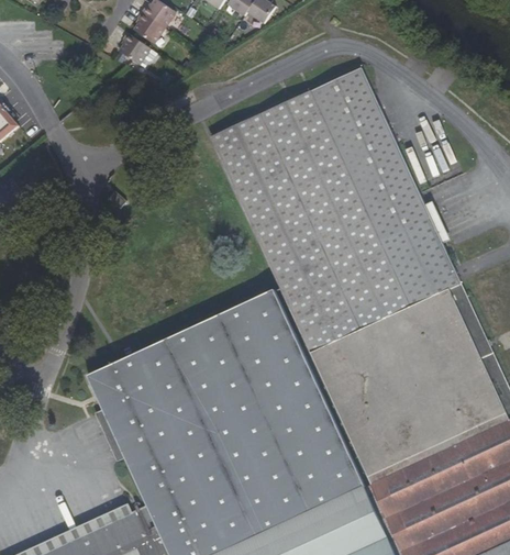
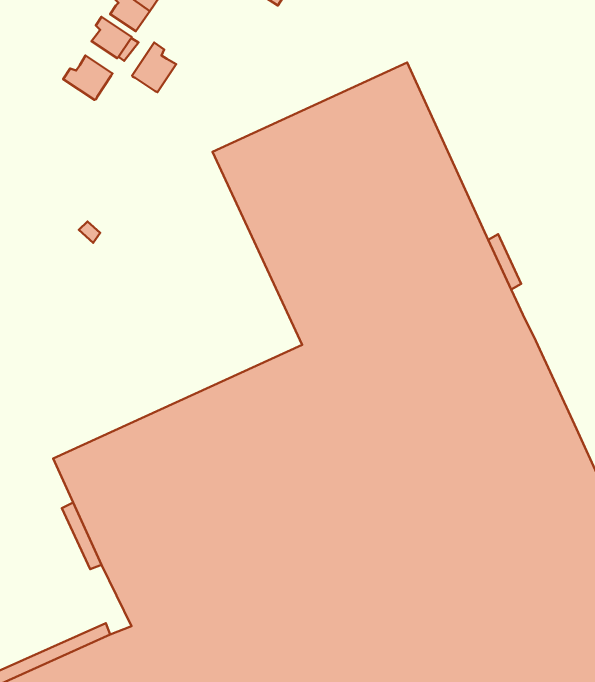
building: none -> [132,43,176,92]
building: none -> [63,55,112,100]

